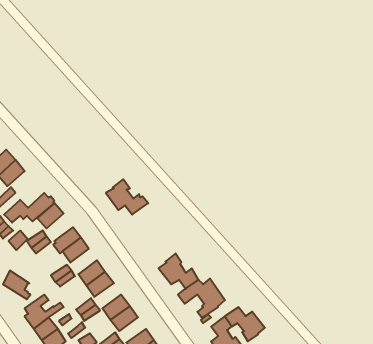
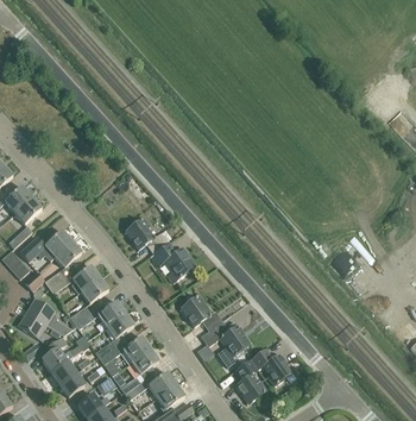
building: none -> [150,241,195,279]
building: none -> [26,299,73,335]

